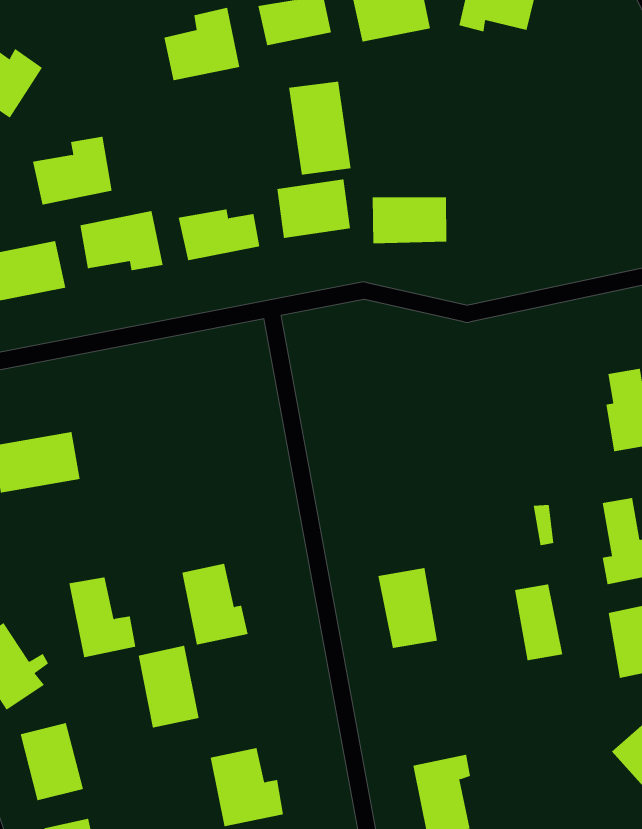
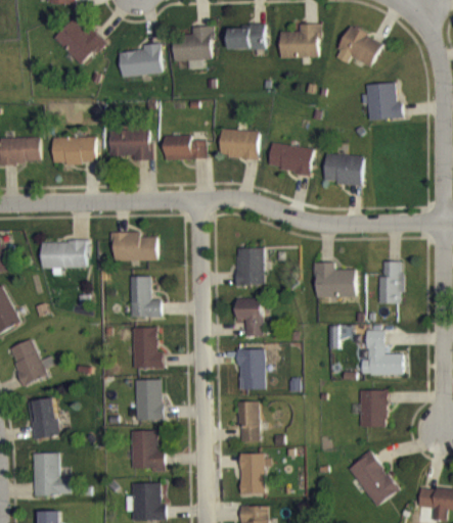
building: none -> [366,83,402,120]
building: [289,81,351,175] -> none
building: [32,136,113,205] -> [120,44,161,76]
building: none -> [323,154,362,184]
building: none -> [235,247,264,285]
building: none -> [315,263,355,297]
building: none -> [111,232,157,260]
building: none -> [236,297,263,336]
building: [69,577,136,658] -> [130,276,161,318]
building: [514,584,563,661] -> [239,401,260,441]
building: [138,645,199,728] -> [135,379,163,421]

